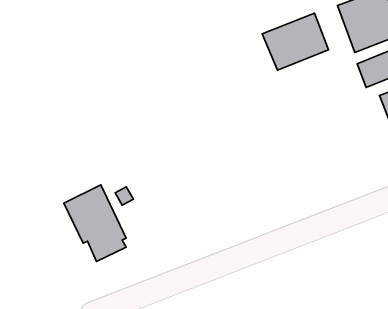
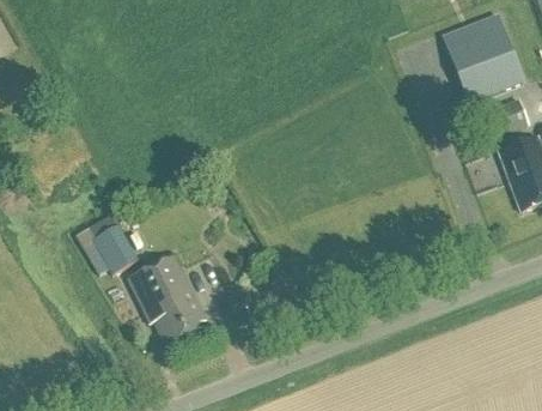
building: [262,13,329,70] -> none
building: none -> [93,220,139,270]

